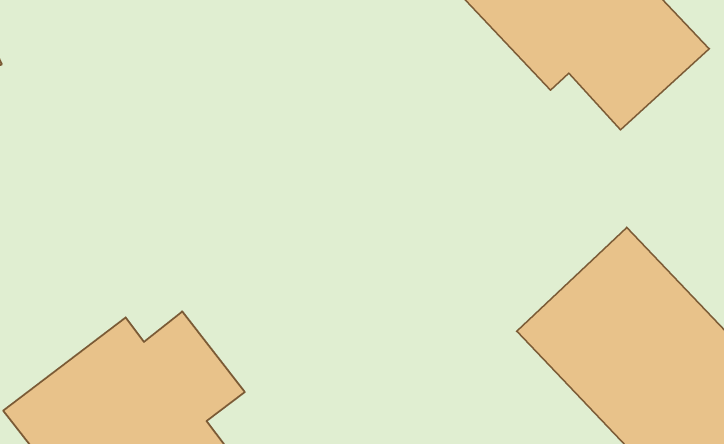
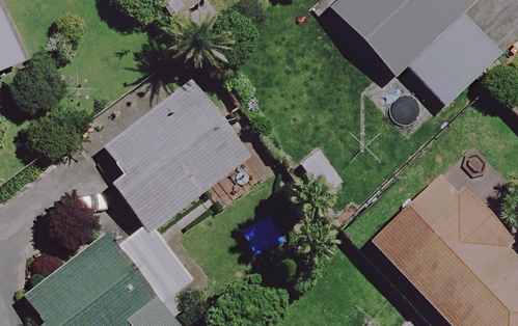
building: none -> [104,81,248,230]

